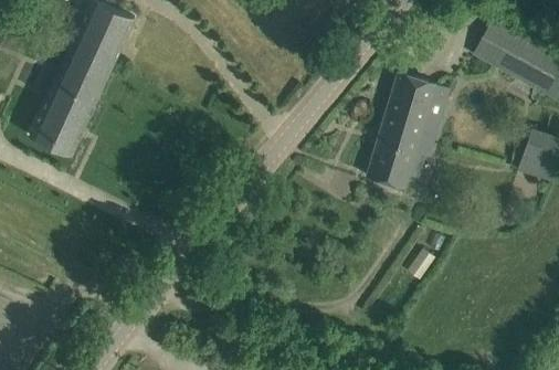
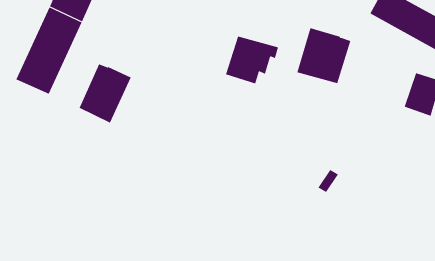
building: none -> [79,64,132,124]
building: [366,128,433,189] -> [225,36,279,84]

